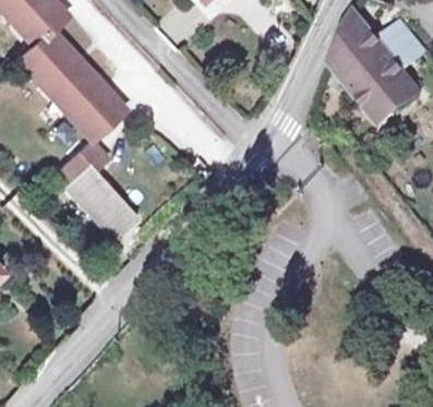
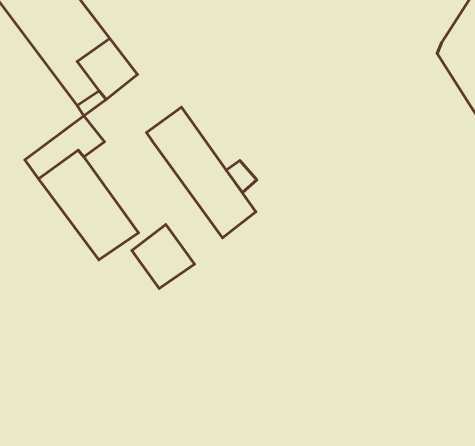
building: none -> [147,107,256,238]
building: none -> [132,225,194,288]

